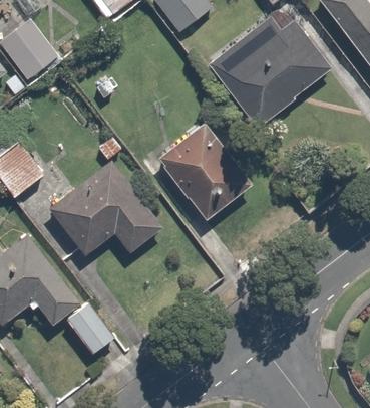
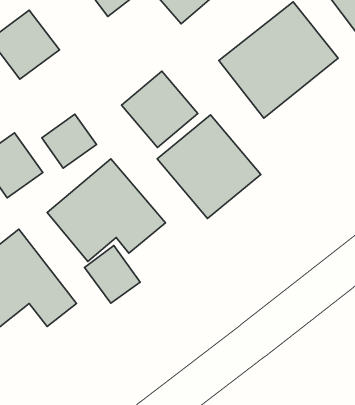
building: none -> [121,71,198,148]
building: none -> [42,114,97,168]
building: [62,300,115,356] -> [84,246,140,303]

